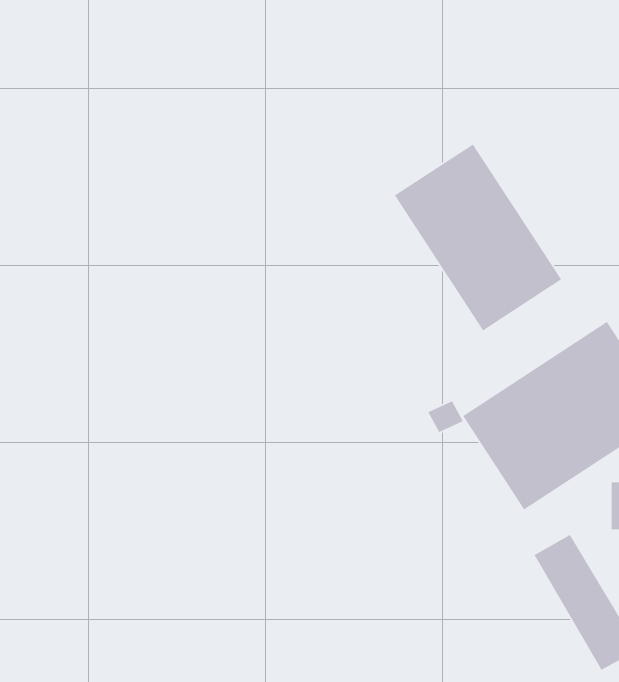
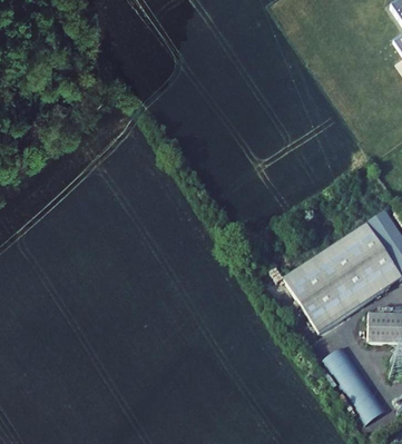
building: [394,143,562,332] -> none

